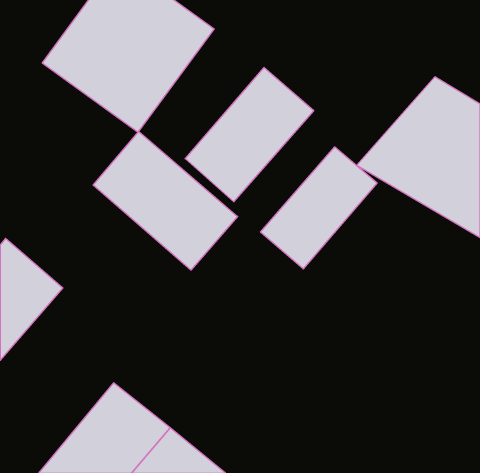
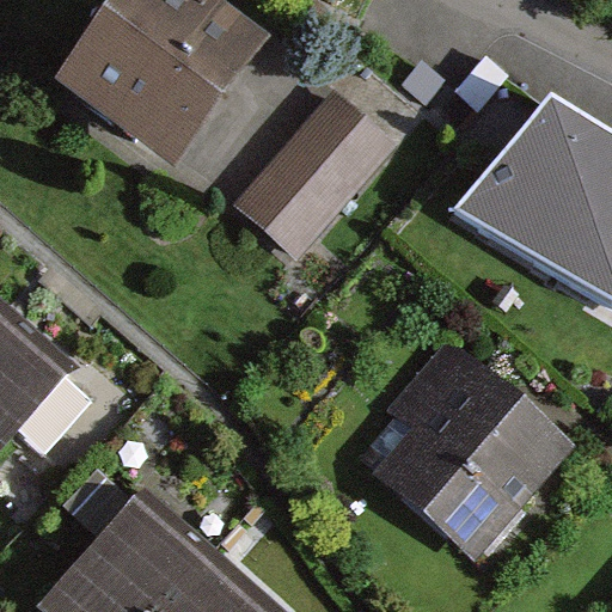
building: [93,132,238,270] -> none
building: [261,147,377,269] -> none
building: none -> [350,338,573,557]

